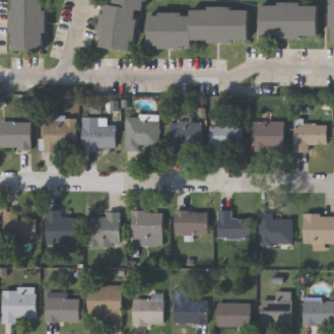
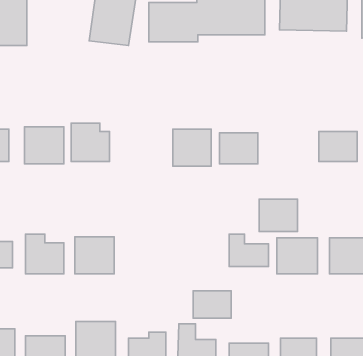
building: [124,119,157,149] -> none
building: [250,123,282,150] -> [259,199,297,231]
building: [130,211,160,246] -> none
building: [174,211,206,235] -> [193,291,231,318]

